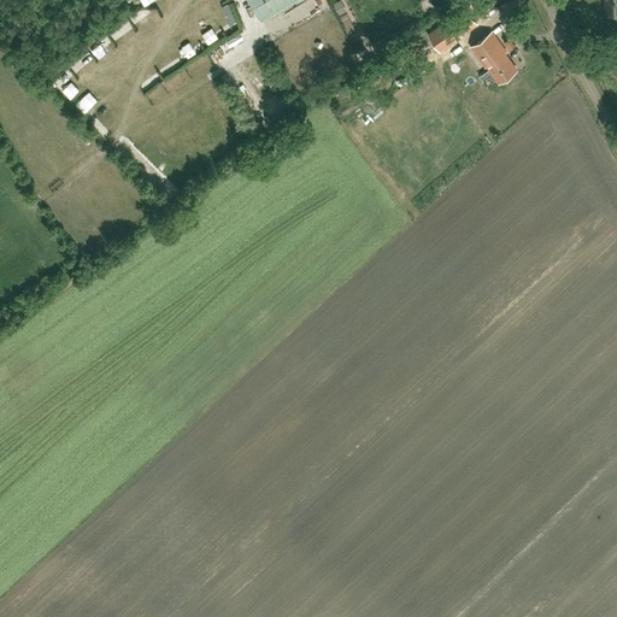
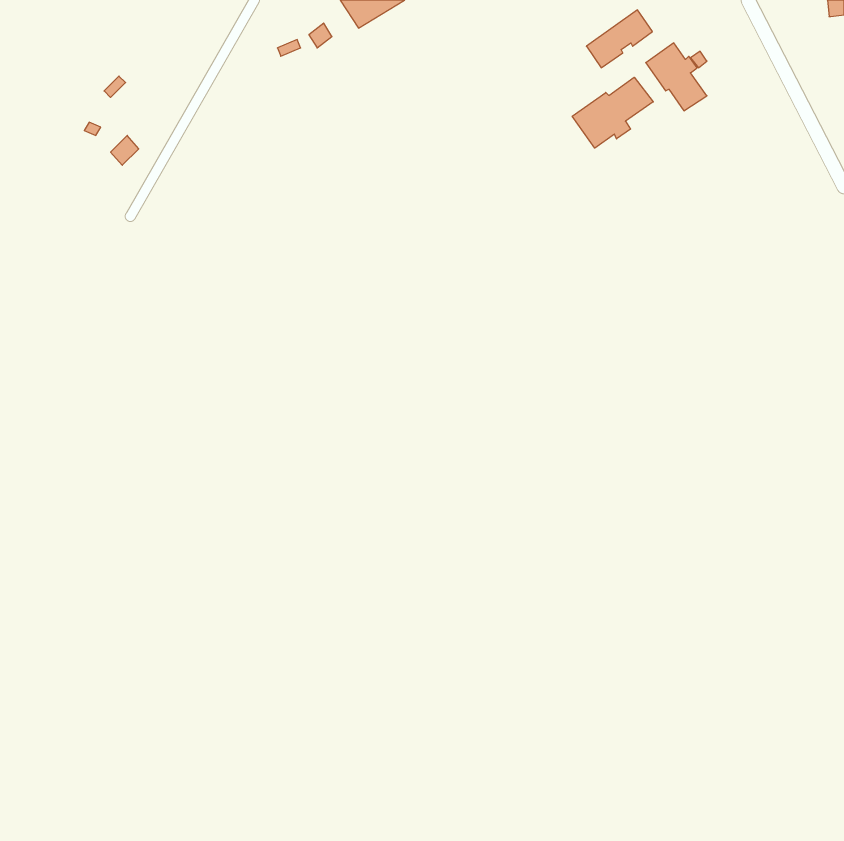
building: none -> [572,77,653,148]

